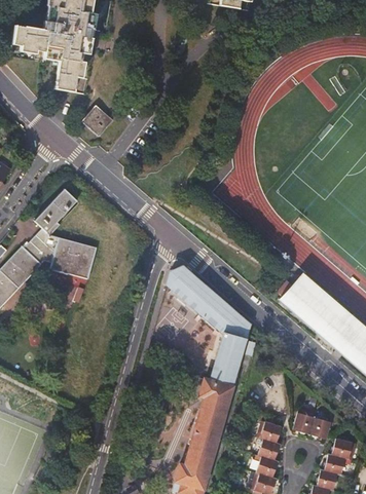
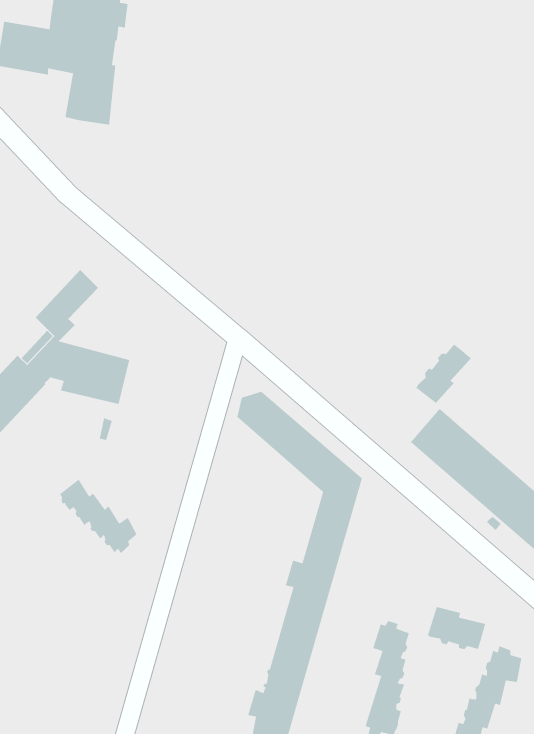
building: [81,104,113,136] -> none
building: none -> [415,344,472,404]
building: none -> [59,479,138,554]

